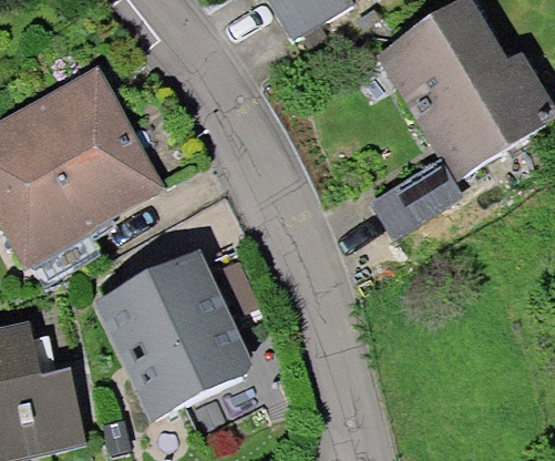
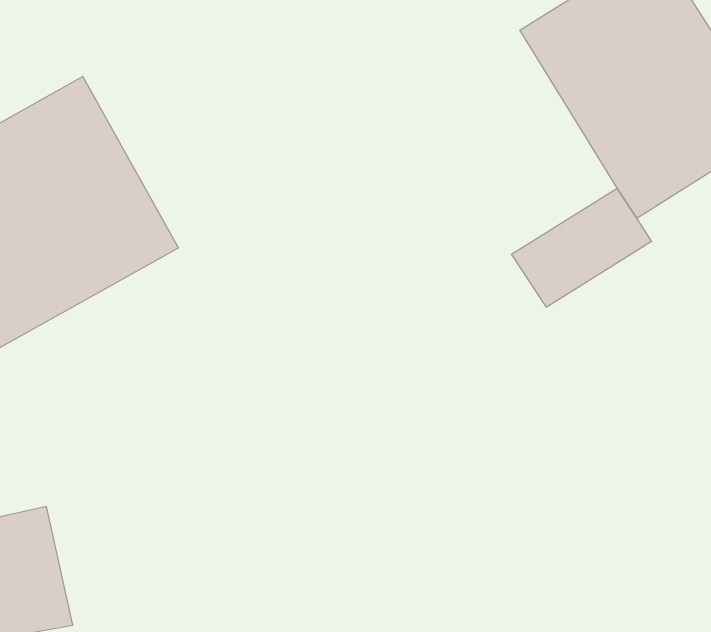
building: [96,263,244,421] -> none

